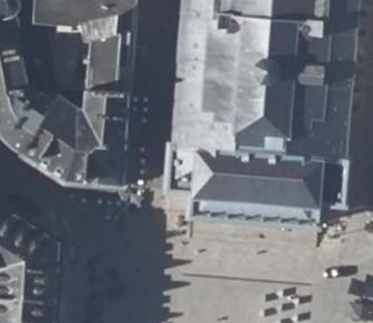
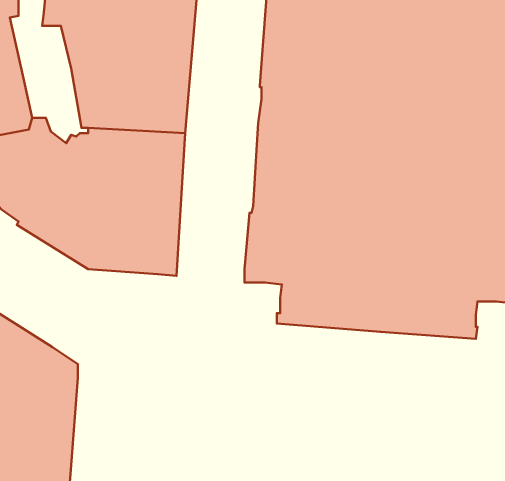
building: [11,12,51,55] -> none

